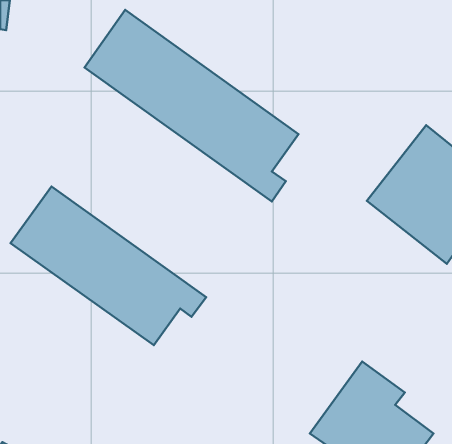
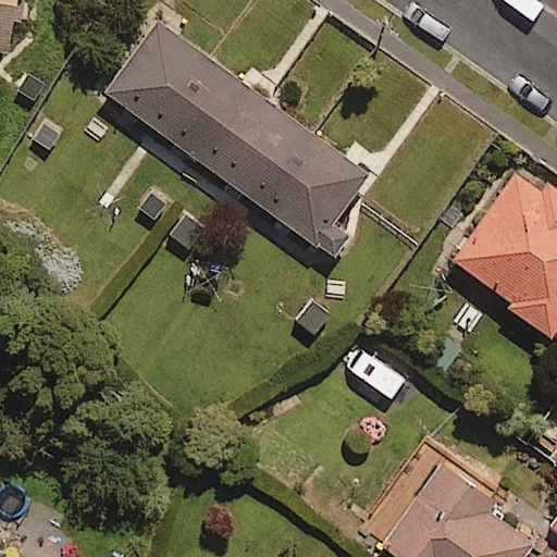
building: [11,186,206,345] -> none

